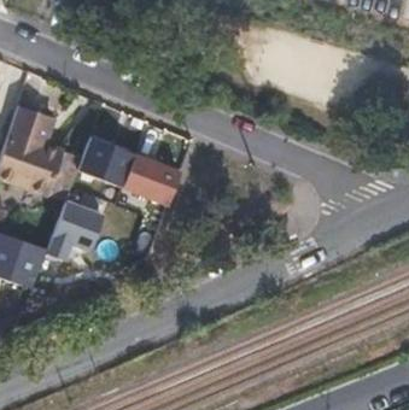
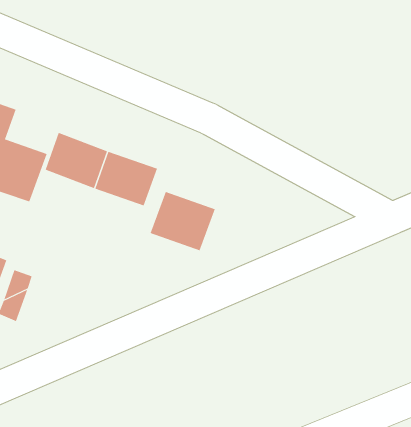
building: none -> [150,191,216,251]
building: [42,199,103,258] -> none

